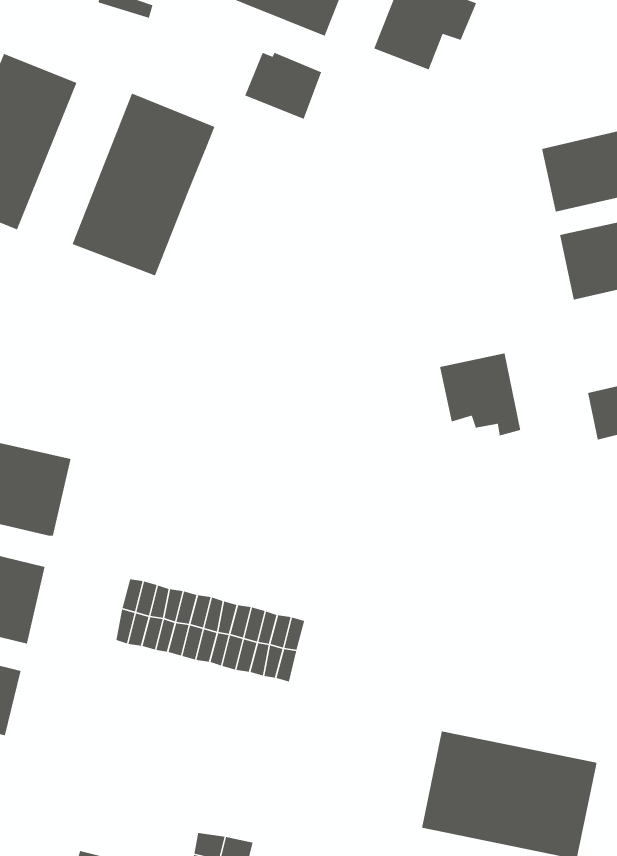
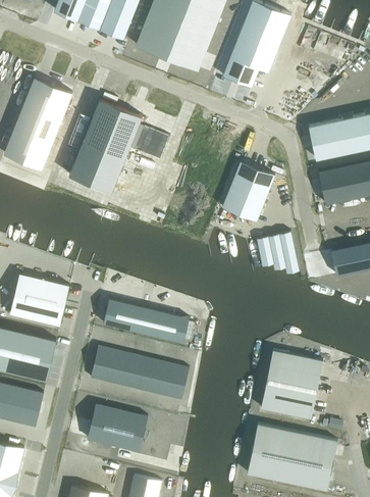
building: [244,52,322,120] -> [129,127,169,161]
building: none -> [222,161,275,221]
building: none -> [103,299,190,344]
building: none -> [261,351,322,419]
building: none -> [89,404,148,452]

